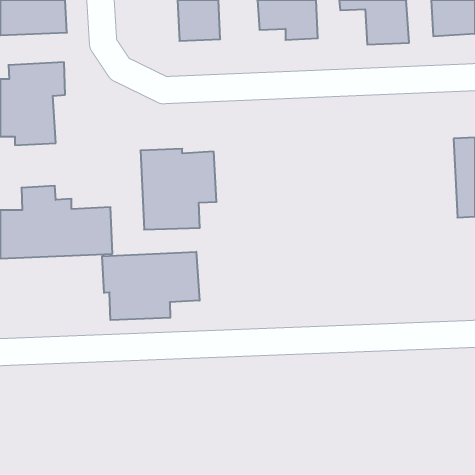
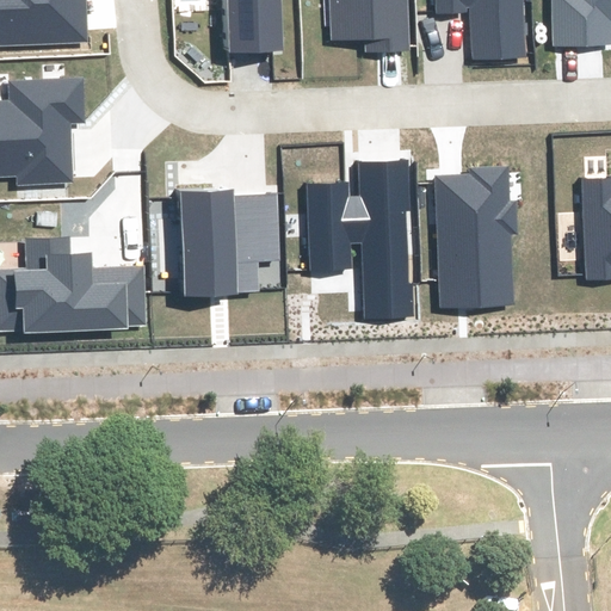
building: none -> [307,162,414,319]
building: none -> [437,167,517,307]
building: [102,252,200,320] -> none

